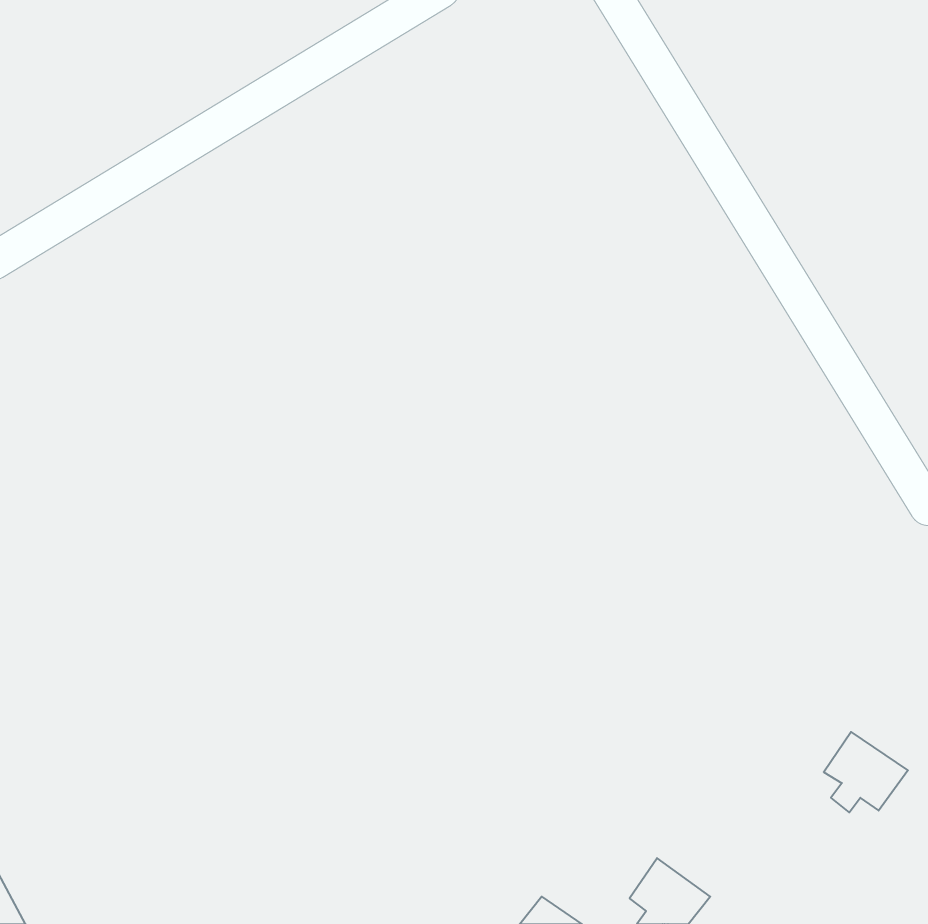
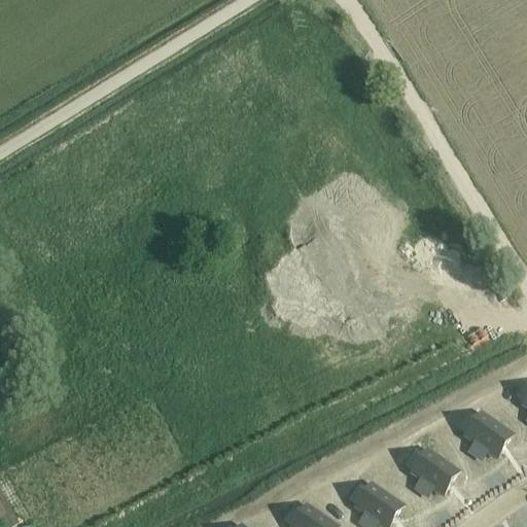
building: none -> [410,449,455,493]

